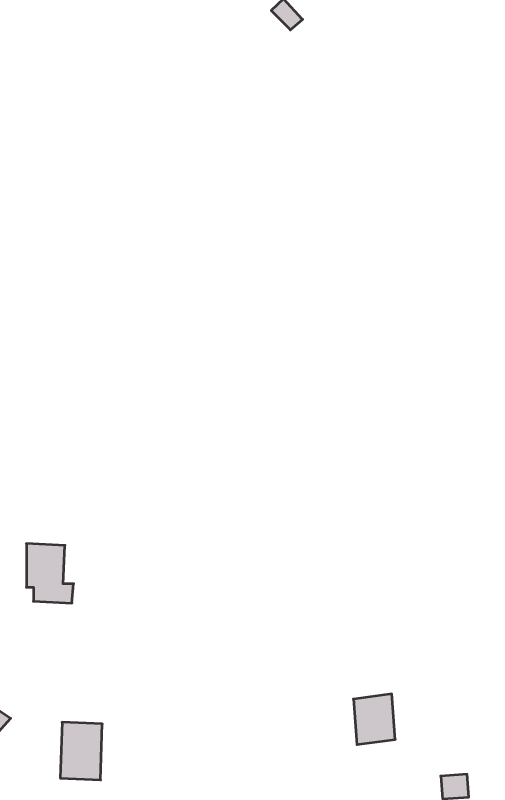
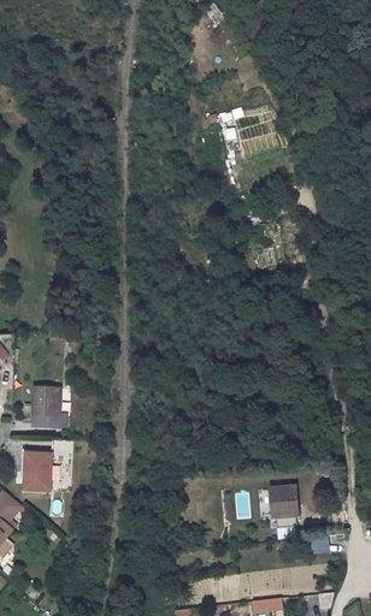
building: [60,722,102,780] -> [23,450,52,490]

